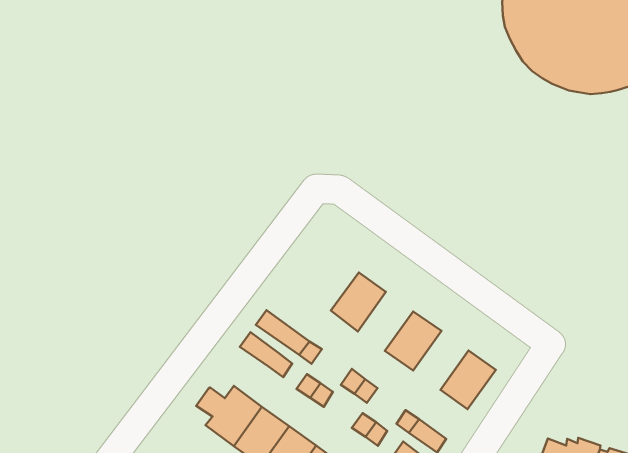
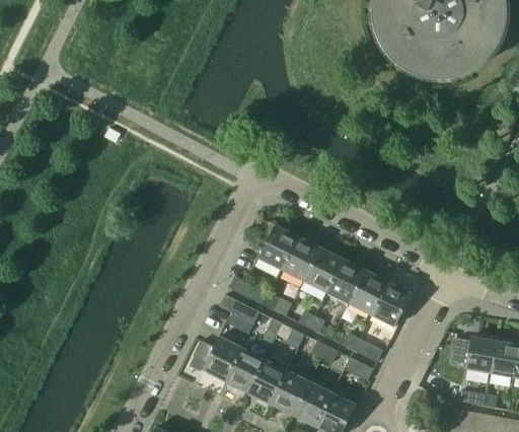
building: none -> [258,226,298,270]
building: none -> [304,249,343,293]
building: none -> [350,272,388,315]

